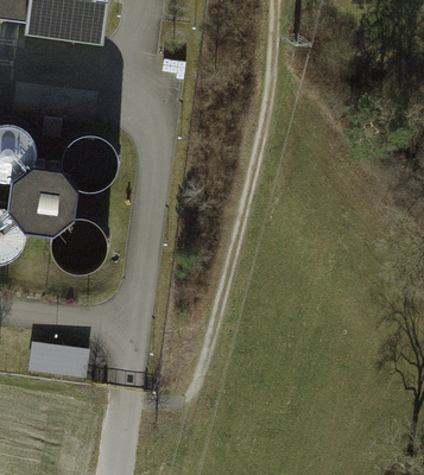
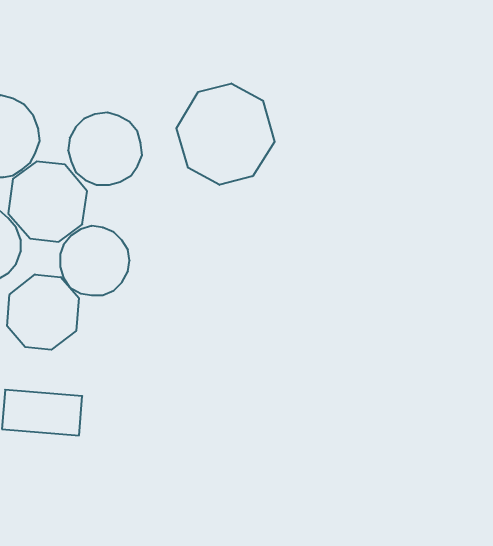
building: none -> [176,83,275,185]
building: none -> [7,274,79,350]

